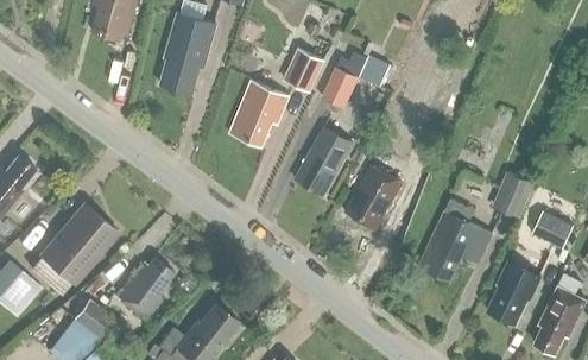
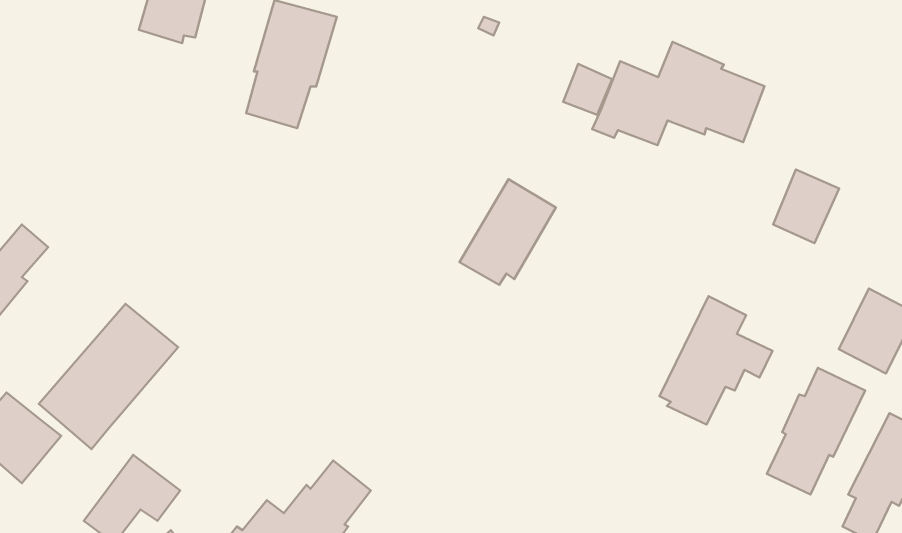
building: none -> [592,42,765,145]
building: [284,50,323,91] -> none
building: [321,67,358,108] -> none
building: [229,81,287,146] -> none
building: [343,165,402,227] -> none
building: [492,172,533,219] -> [773,170,839,243]
building: [115,257,173,318] -> none

